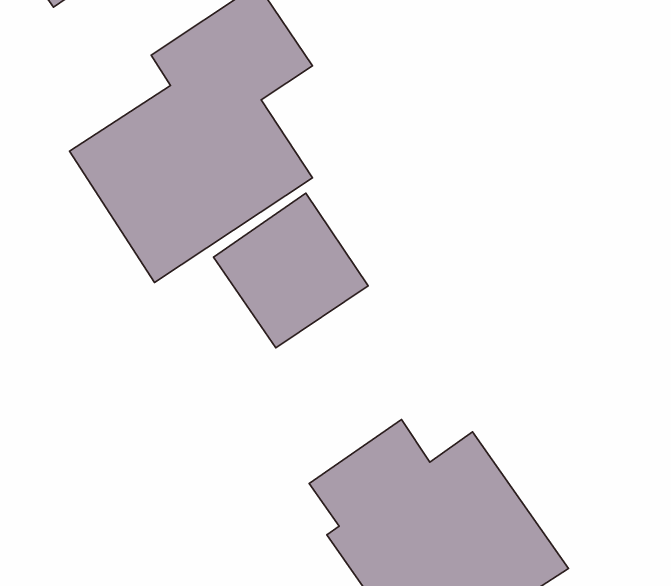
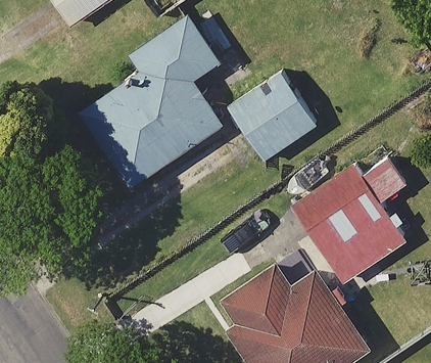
building: [214,193,368,348] -> [227,75,316,164]
building: none -> [287,142,409,285]

